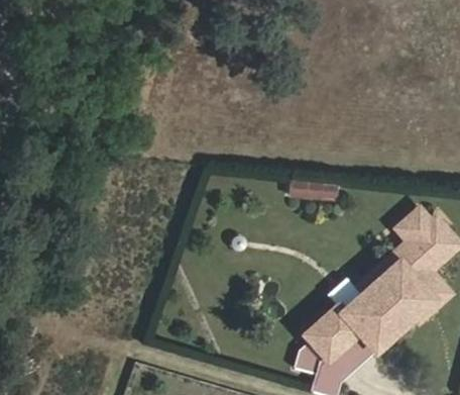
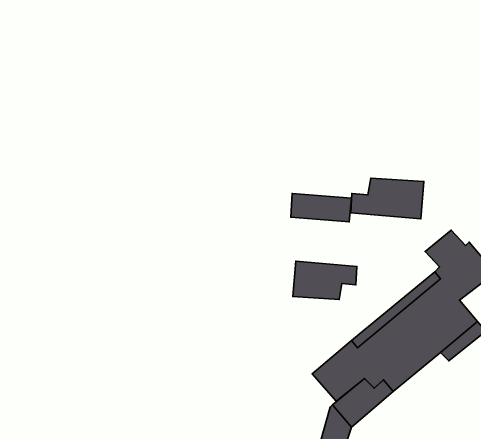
building: none -> [351,178,424,219]
building: none -> [293,261,357,299]

